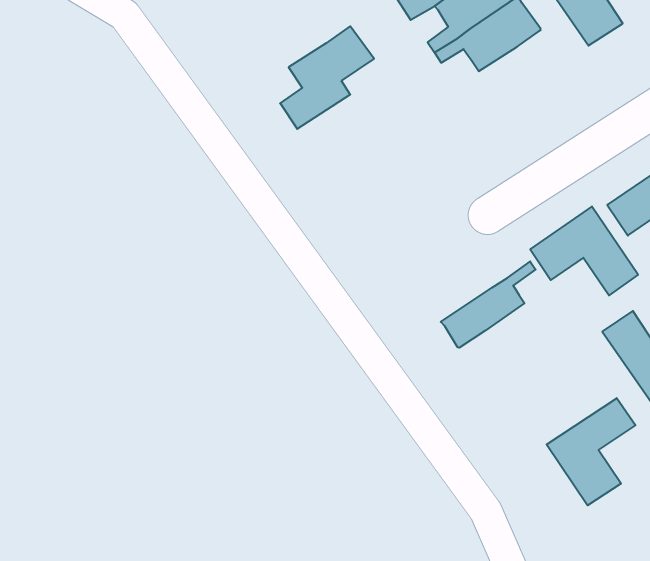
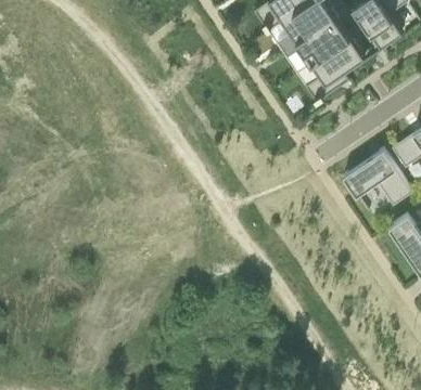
building: [280,26,374,129] -> [306,36,366,101]
building: [441,261,536,348] -> none
building: [547,398,635,505] -> none

